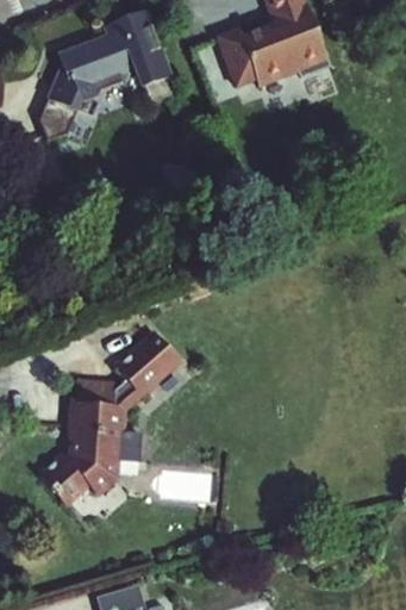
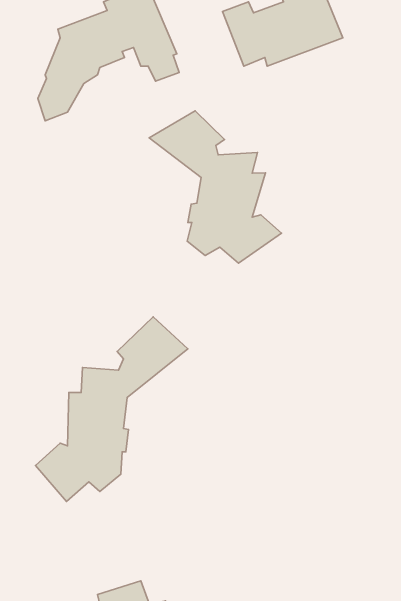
building: none -> [149,111,282,263]

